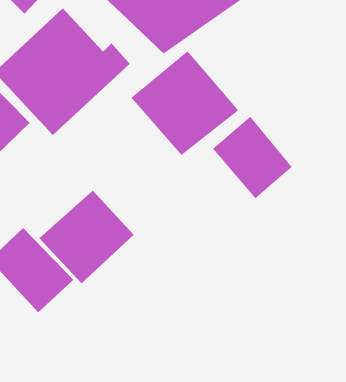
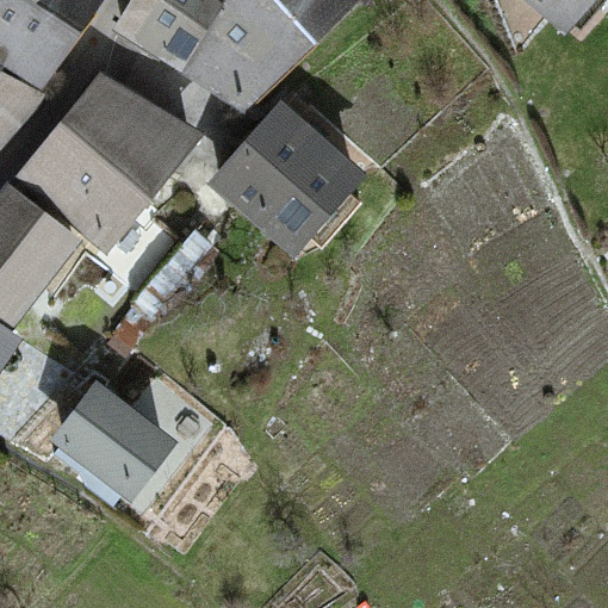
building: [212,116,293,199] -> none
building: [38,190,135,284] -> none

